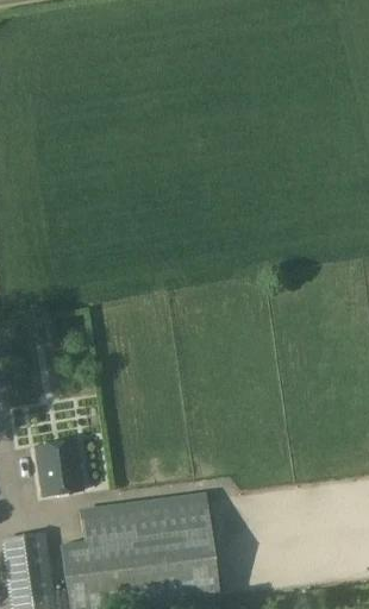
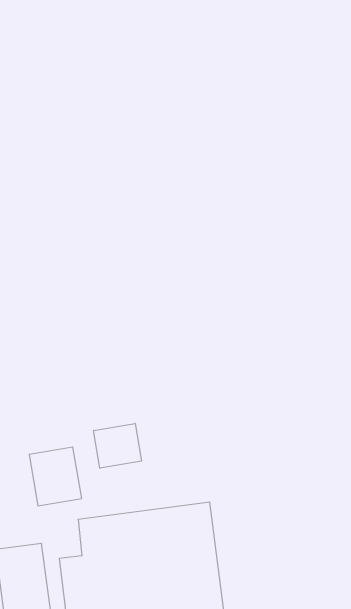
building: none -> [94,423,142,468]

